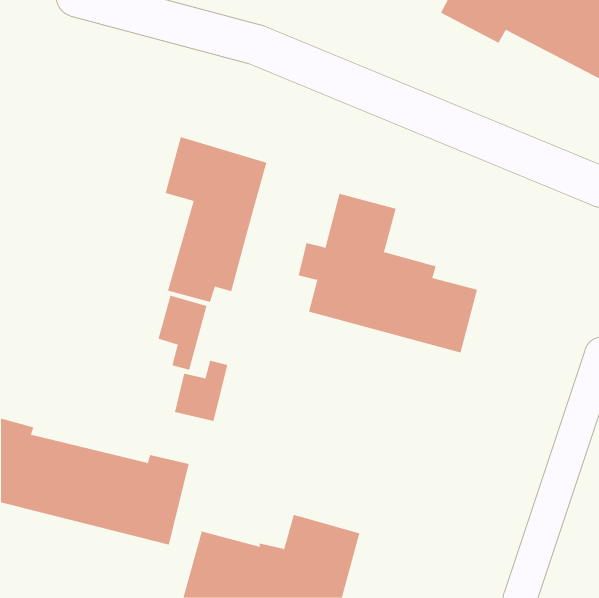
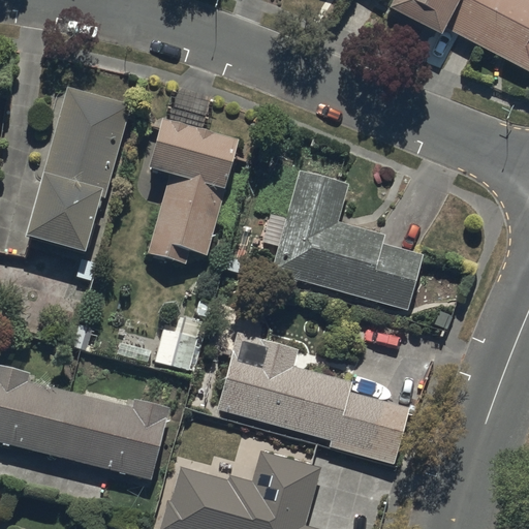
building: none -> [26,89,131,254]
building: [158,295,207,370] -> none
building: none -> [217,334,407,464]

